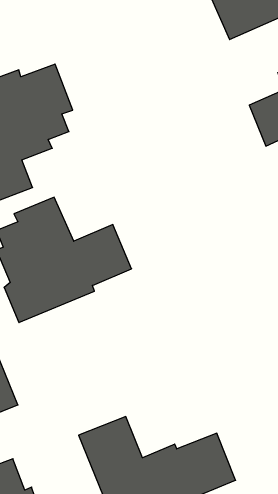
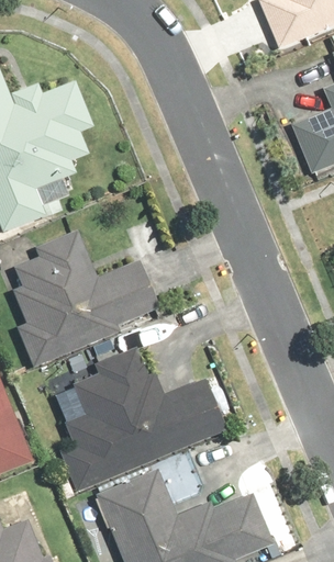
building: none -> [60,346,227,492]

